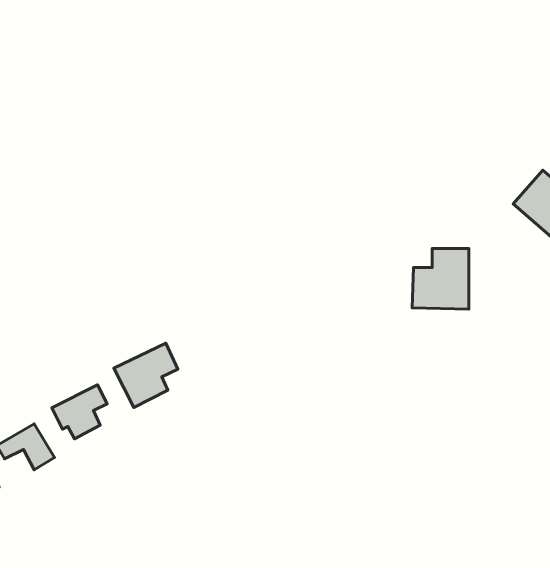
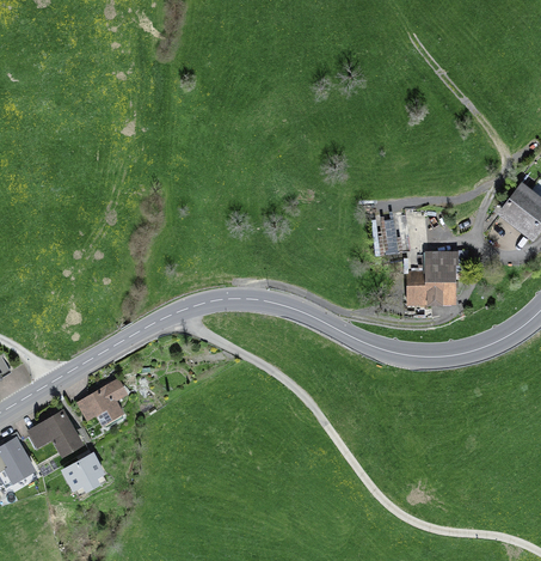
building: [114,343,178,408] -> none
building: none -> [69,455,104,488]

